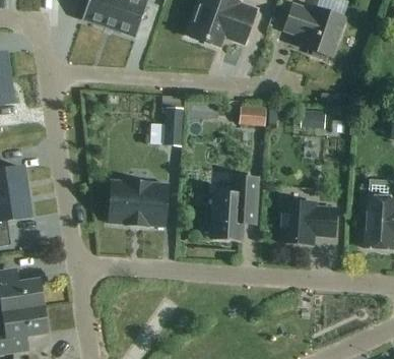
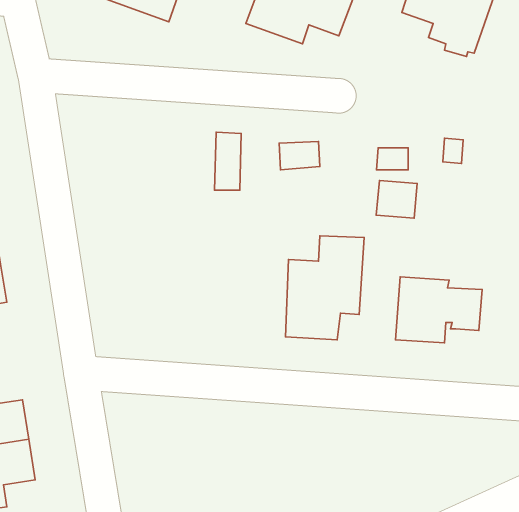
building: [240,101,266,125] -> [376,180,417,218]
building: [108,179,168,227] -> none

